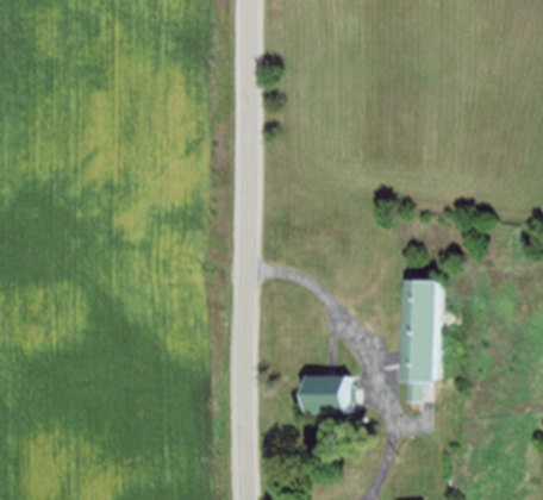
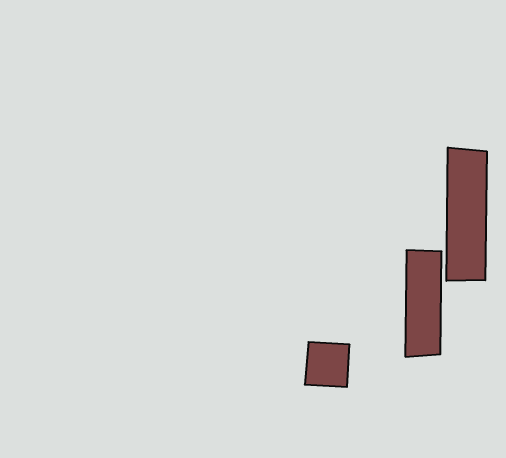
building: none -> [446,147,487,281]

